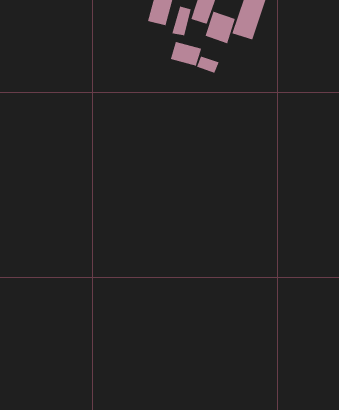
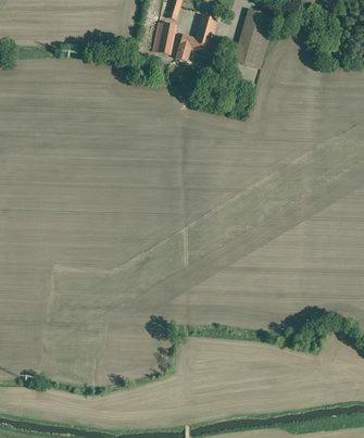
building: [205,11,236,44] -> none
building: [170,41,202,66] -> none

